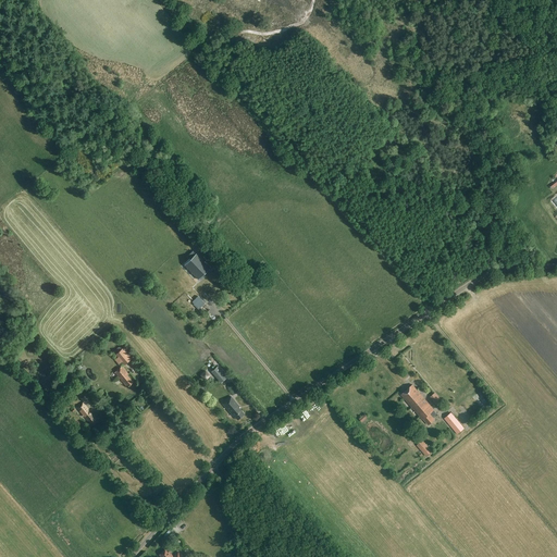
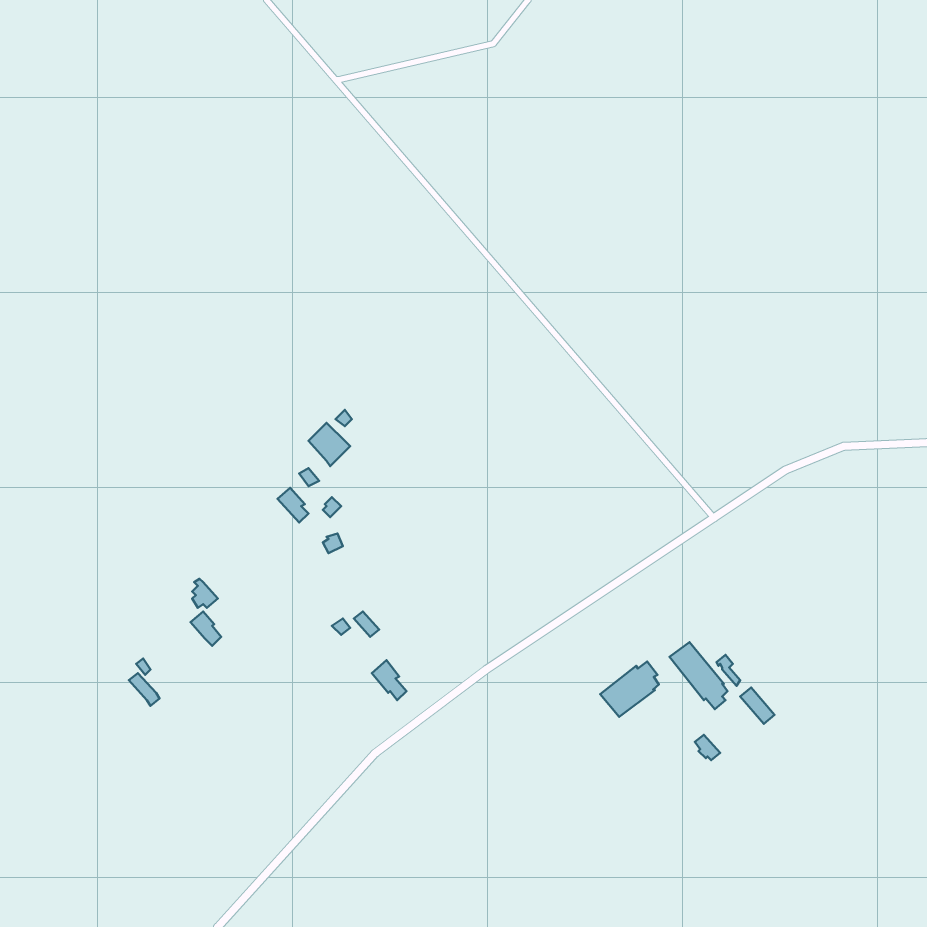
building: none -> [600,661,659,717]

